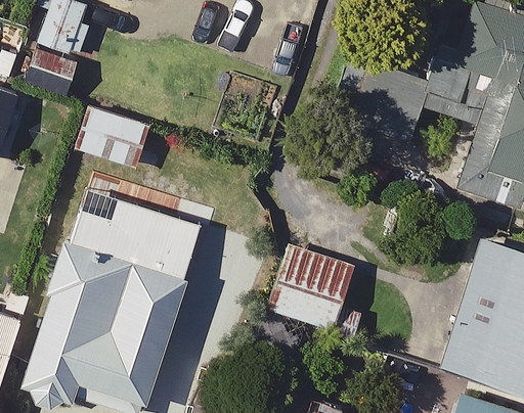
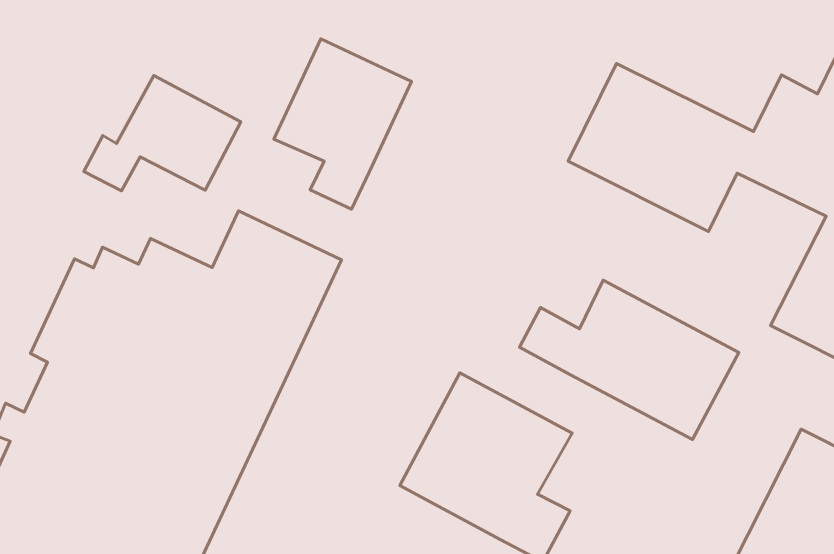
building: none -> [274,39,411,209]
building: none -> [520,280,739,440]

